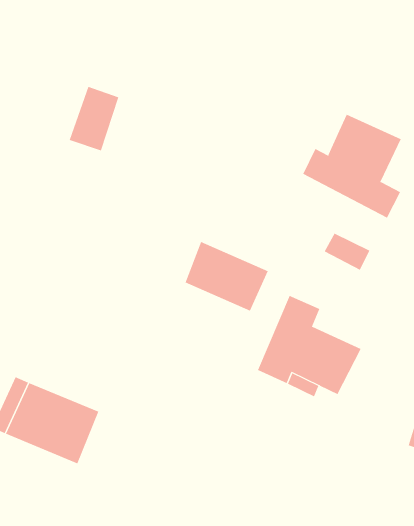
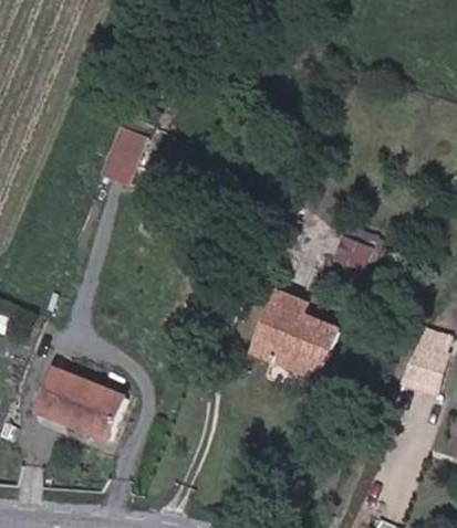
building: [302,114,402,219] -> none
building: [185,241,269,312] -> none

